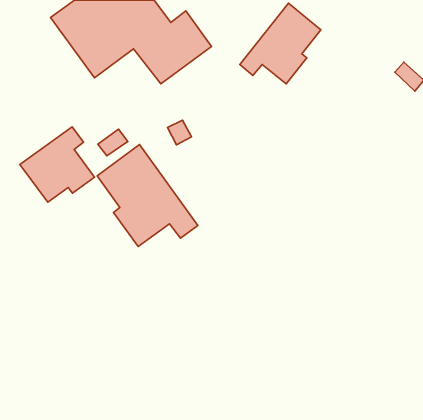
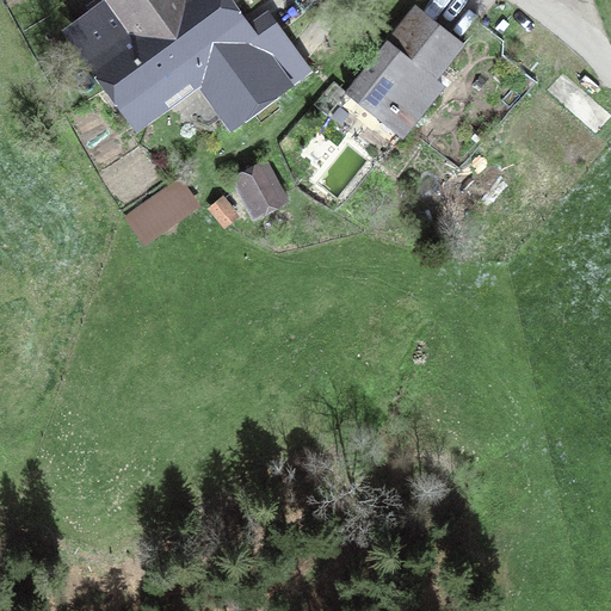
building: [20,127,94,202] -> none
building: [97,144,198,246] -> none

